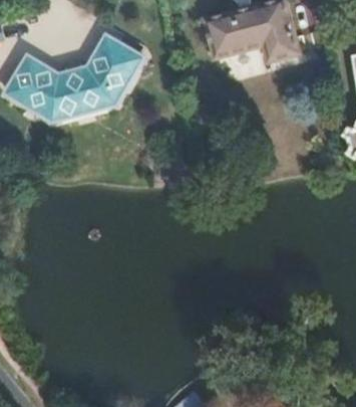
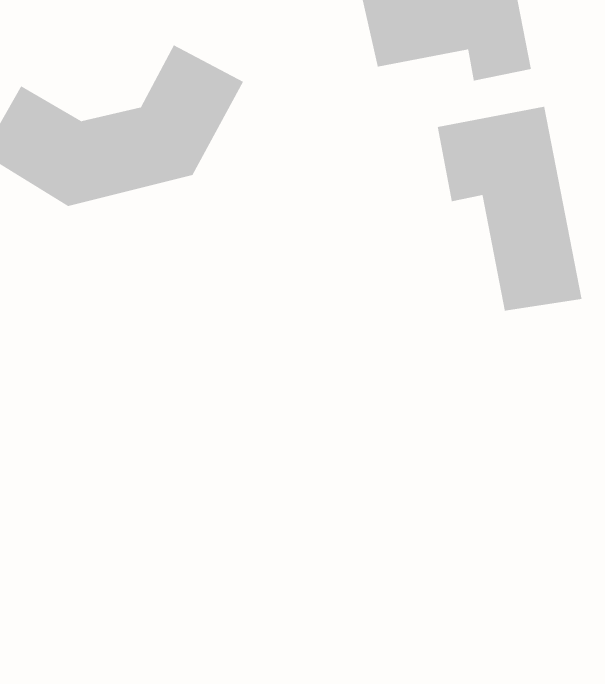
building: none -> [437,106,582,312]

